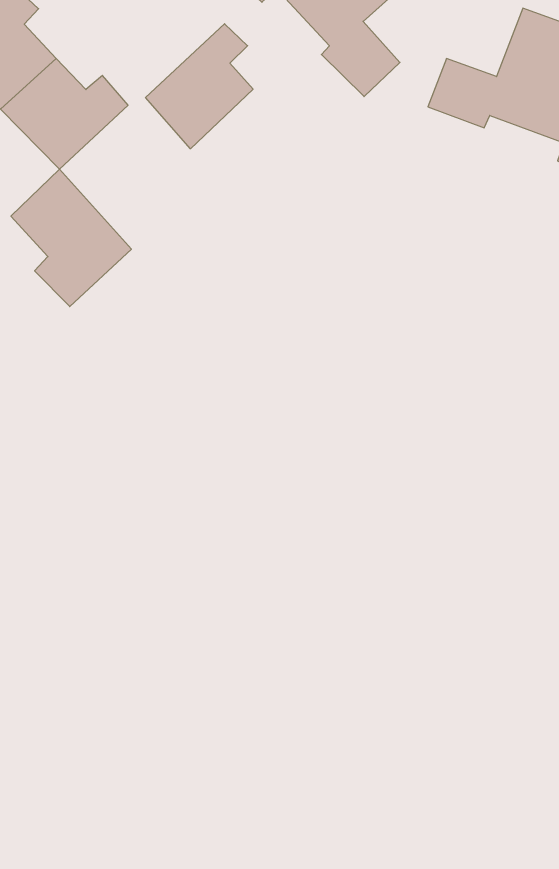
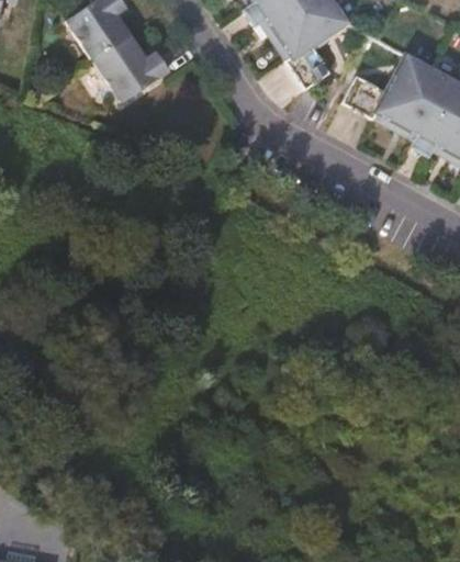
building: [146,24,253,149] -> none
building: [11,169,131,307] -> none

